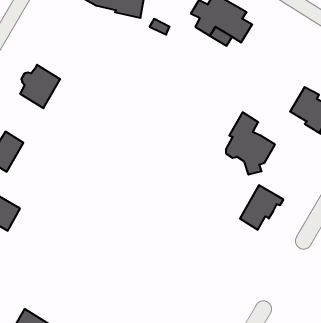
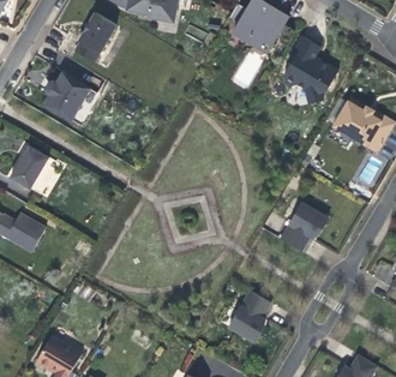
building: none -> [74,11,115,61]
building: [226,112,275,175] -> [284,35,337,102]
building: none -> [228,289,270,341]

